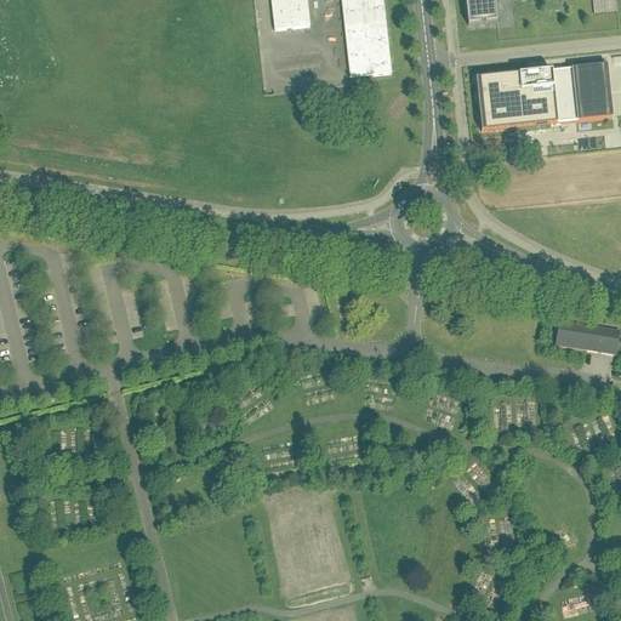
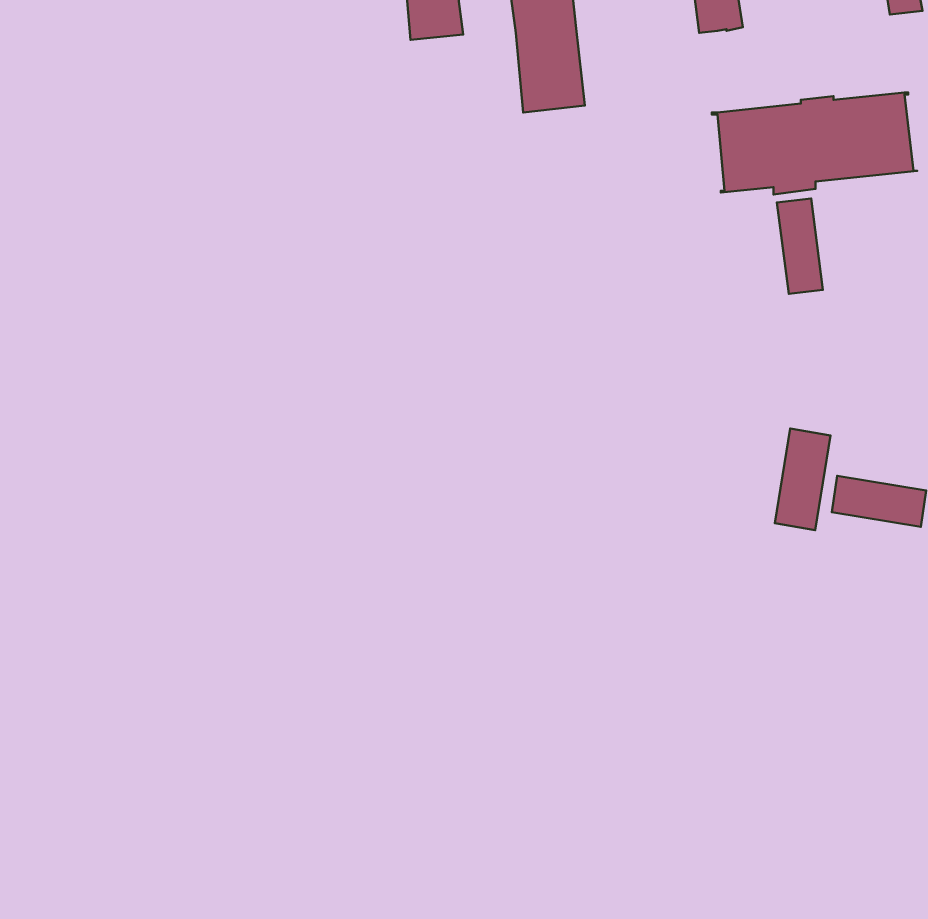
building: none -> [777,199,823,294]
building: none -> [775,428,831,530]

